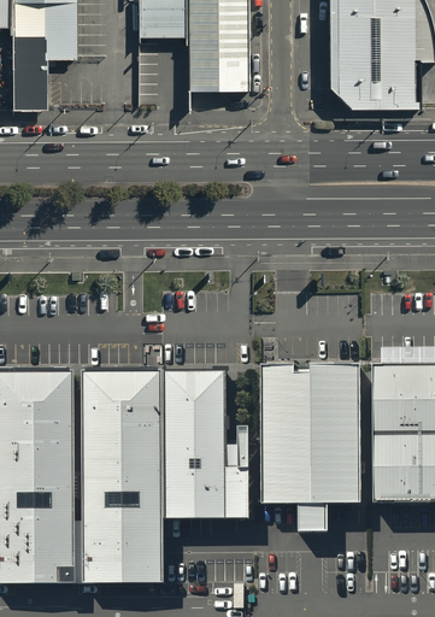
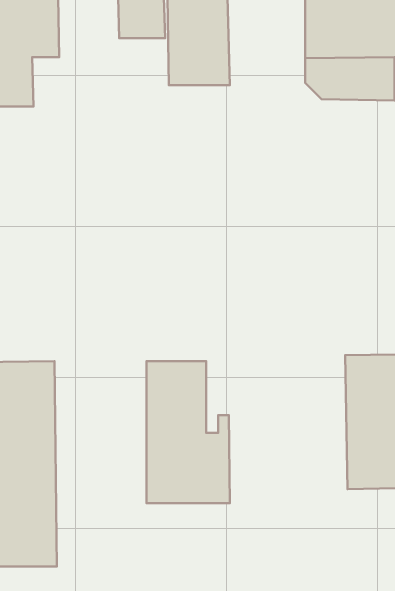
building: [258,364,360,531] -> none
building: [84,370,166,582] -> none

